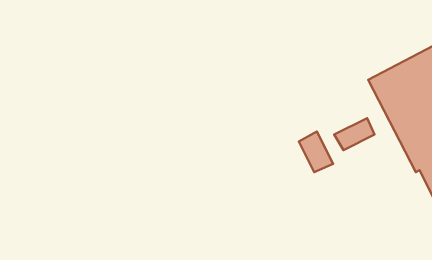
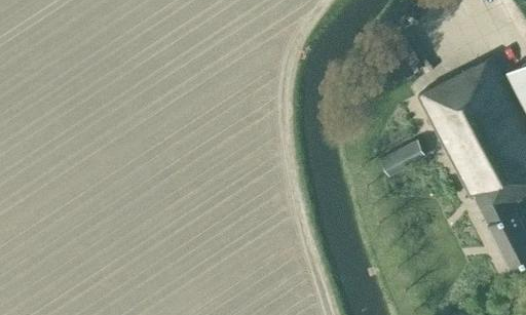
building: [299,132,333,172] -> none

